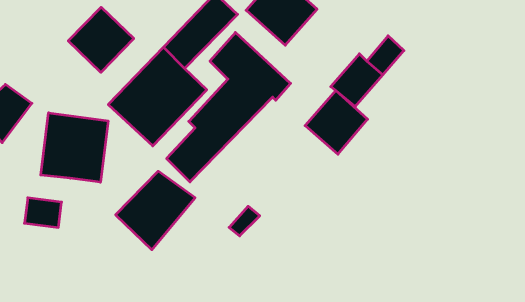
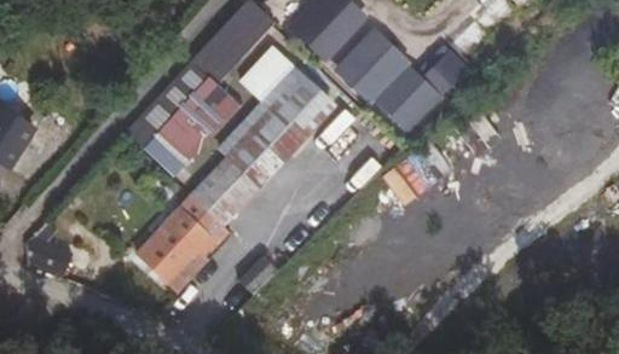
building: [68,7,134,72] -> none
building: [305,91,368,154] -> [337,28,409,100]
building: [41,113,108,182] -> none

